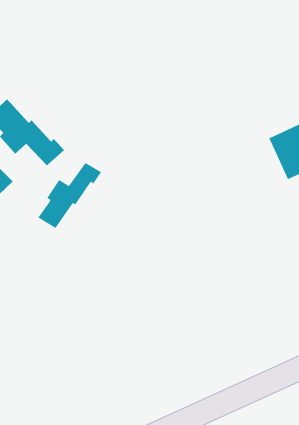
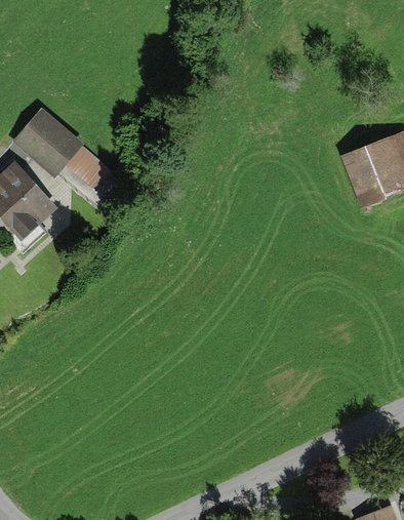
building: [38,162,102,229] -> none

